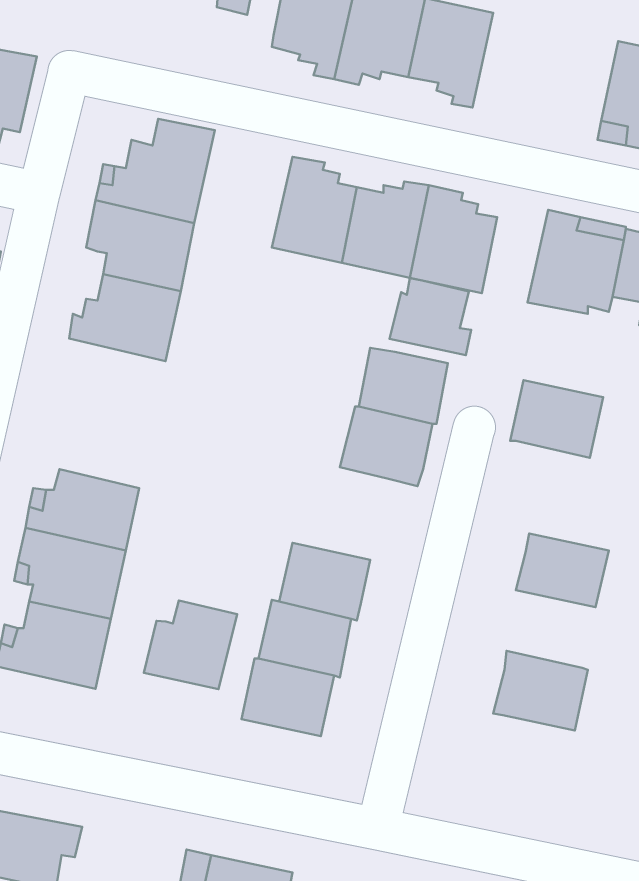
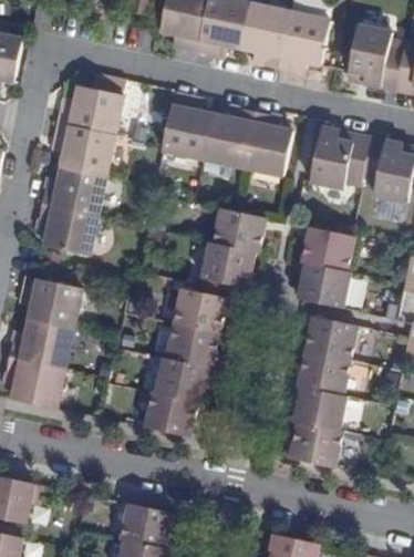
building: none -> [278,11,330,70]
building: [389,278,471,355] -> none
building: none -> [38,202,99,255]
building: none -> [296,261,350,308]
building: none -> [173,288,226,331]
building: none -> [296,349,350,394]
building: [144,601,237,689] -> none
building: none -> [289,422,342,465]

